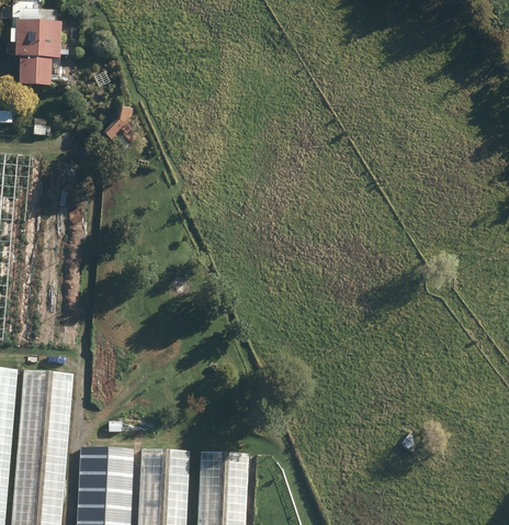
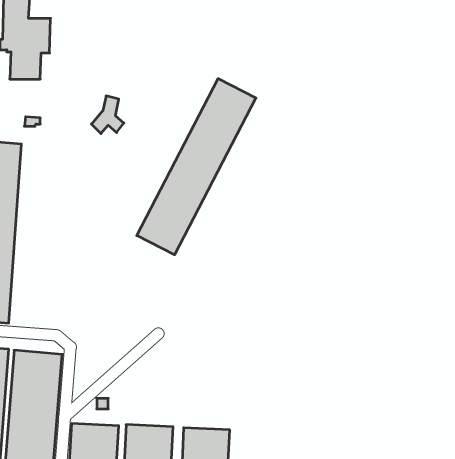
building: none -> [137,79,256,255]

